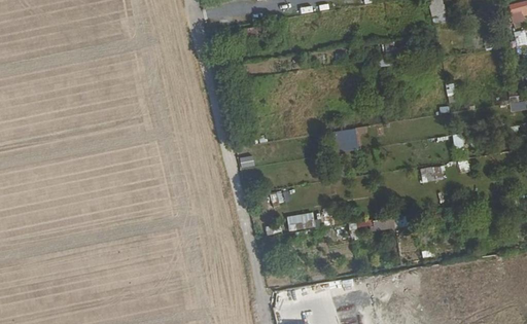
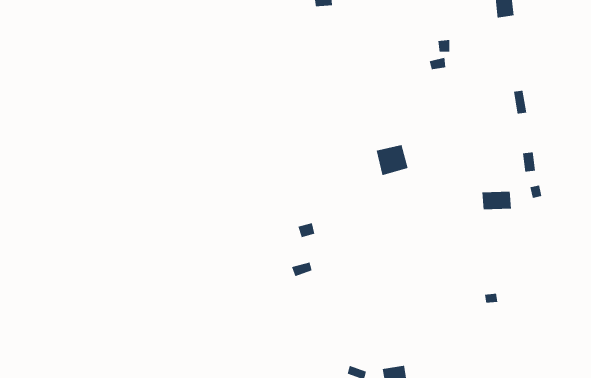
building: [287,211,318,229] -> none

